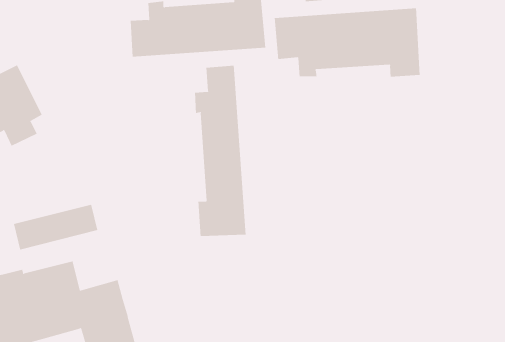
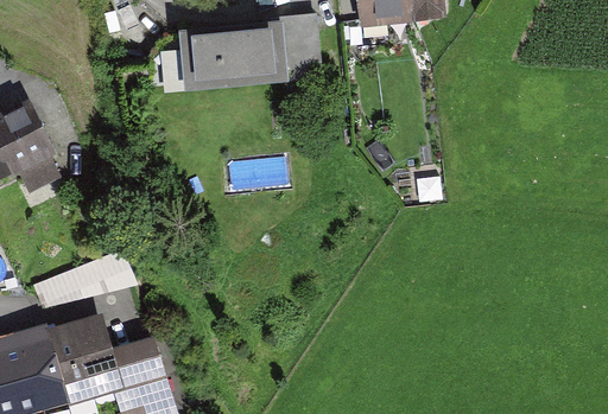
building: [274,7,420,77] -> none
building: [195,65,246,237] -> none

